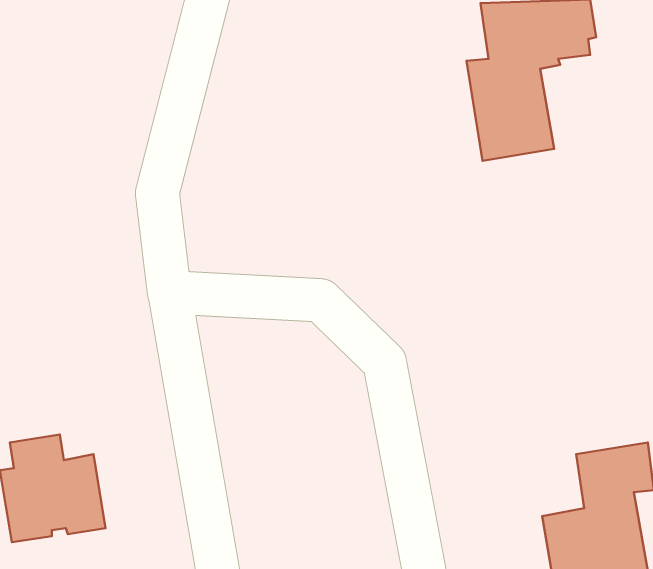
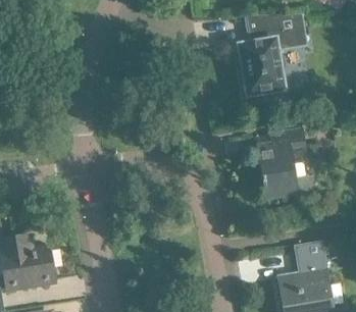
building: none -> [255,126,315,201]

